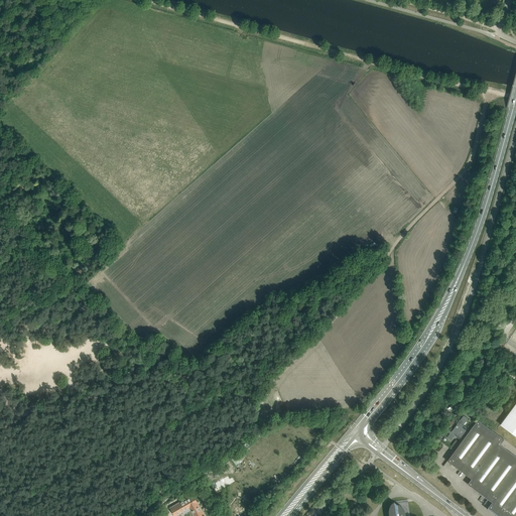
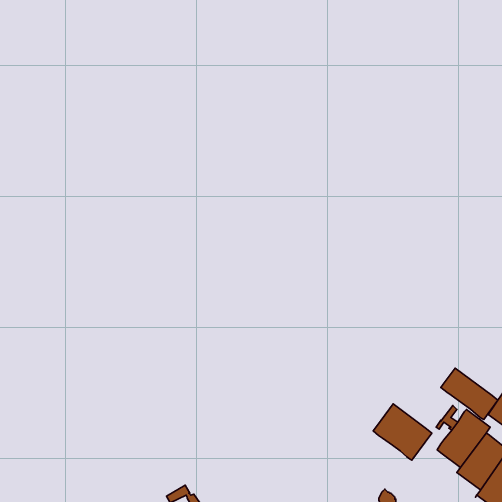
building: none -> [441,368,498,420]
building: none -> [373,404,432,460]

